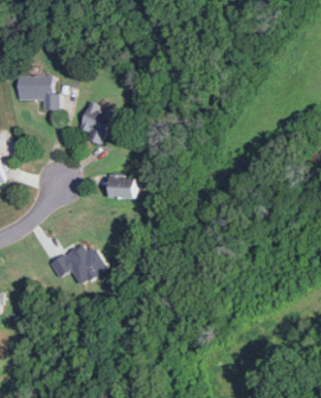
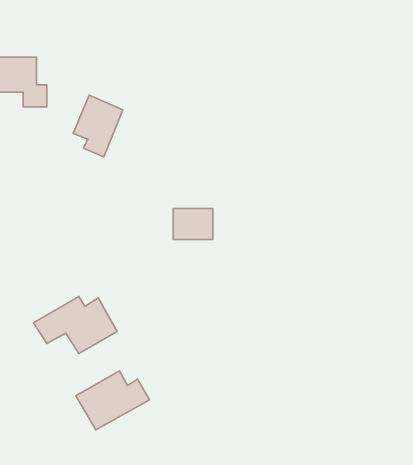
building: [108,177,136,199] -> [173,209,213,239]
building: none -> [76,371,150,430]

